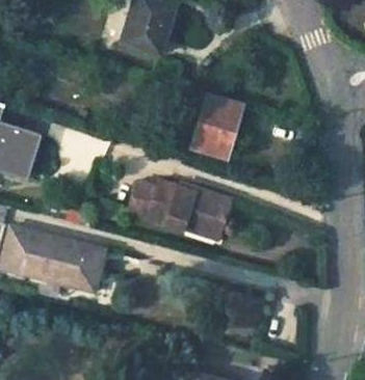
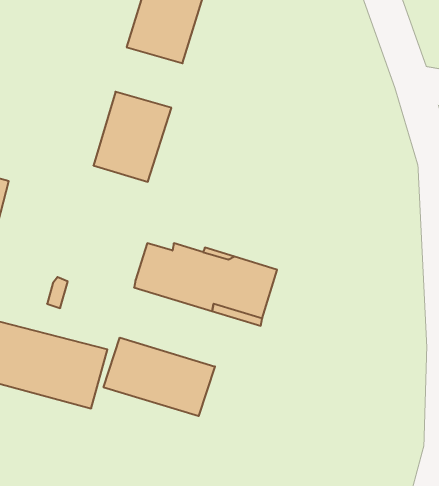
building: [189,93,244,157] -> [93,92,171,182]
building: none -> [104,338,215,416]

